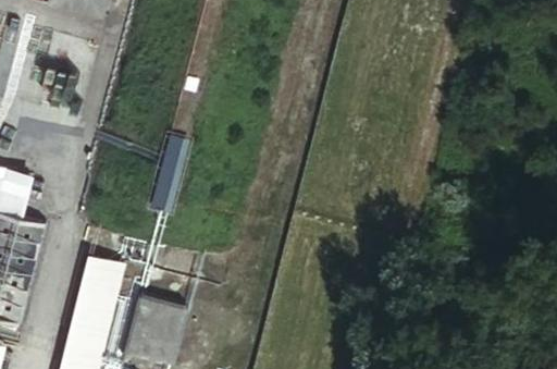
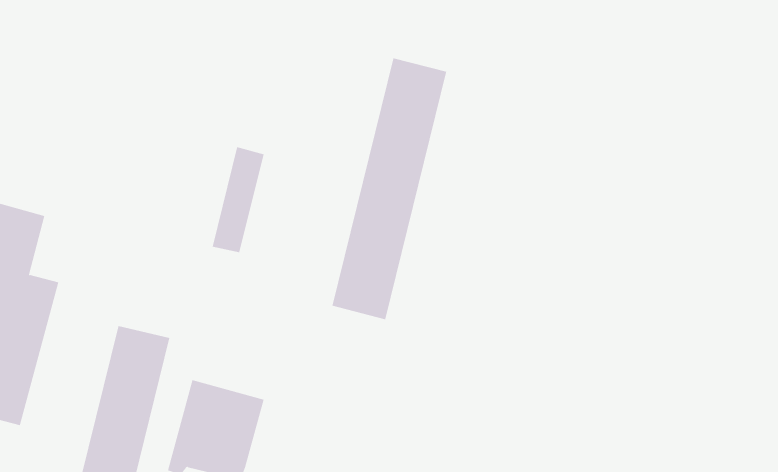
building: none -> [332,57,447,320]

